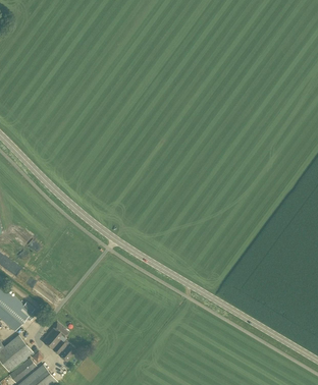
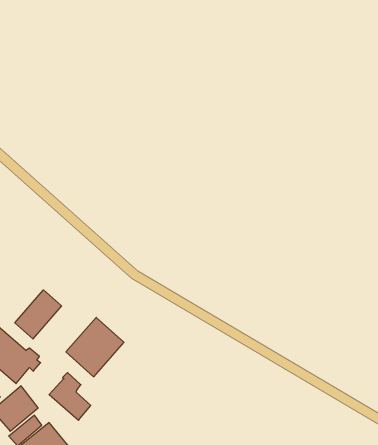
building: none -> [15,290,62,339]
building: none -> [66,317,124,377]

